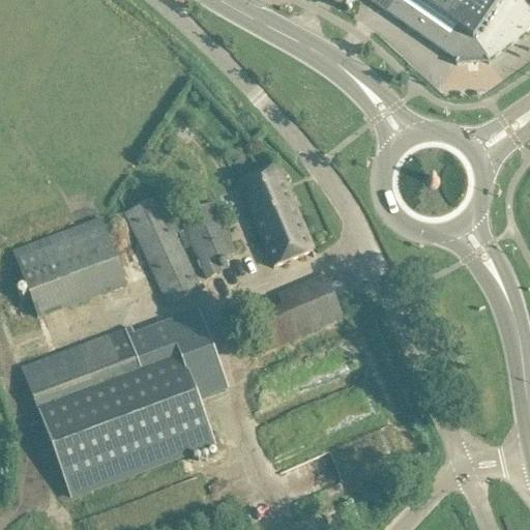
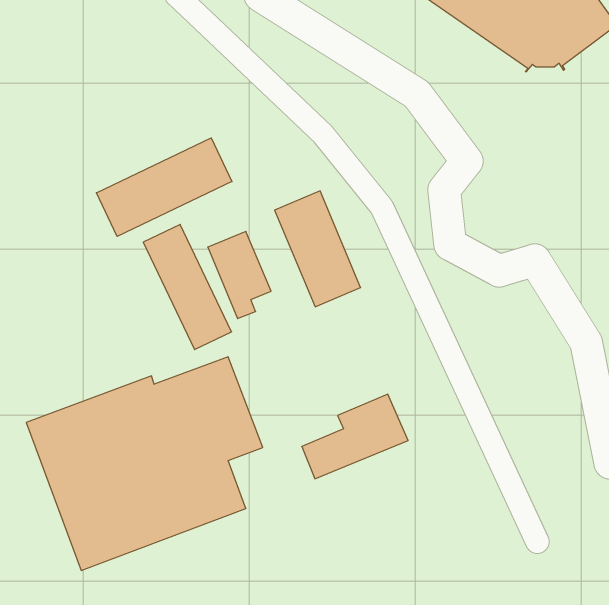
building: none -> [96,138,232,236]
building: [12,217,128,320] -> none
building: [251,275,343,349] -> [302,394,408,479]

